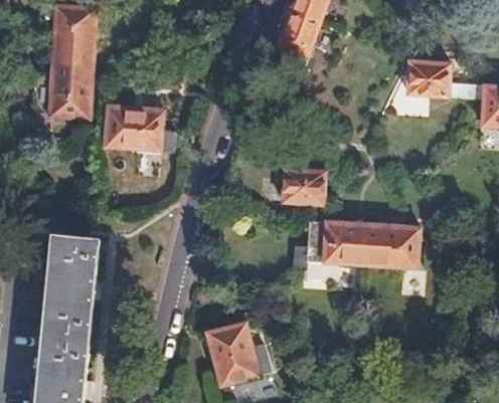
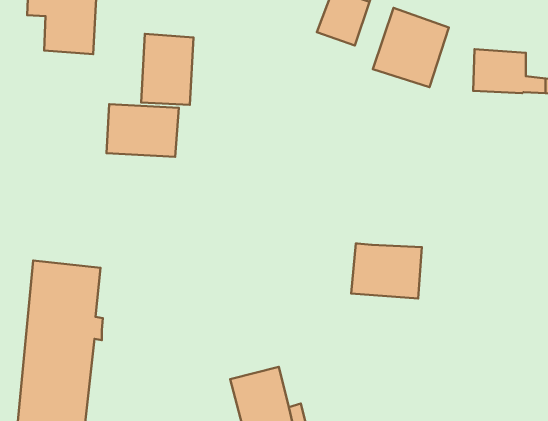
building: none -> [373,8,449,87]
building: [50,61,94,120] -> [141,34,194,105]
building: [284,168,326,221] -> none
building: [361,223,419,269] -> none

